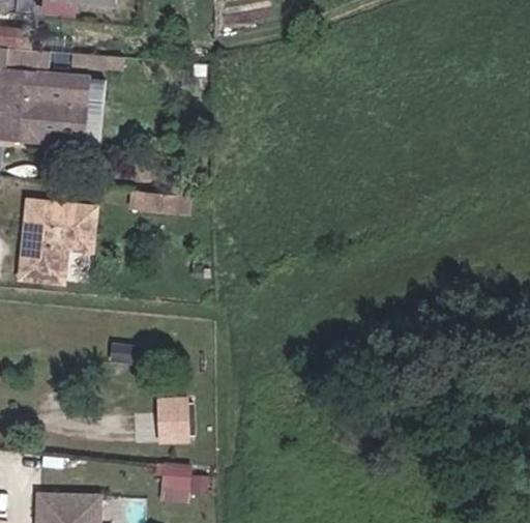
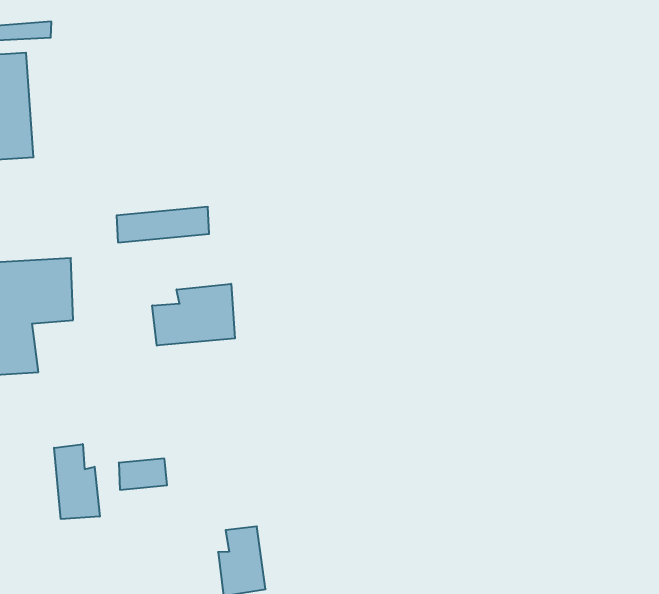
building: none -> [152,284,235,346]
building: none -> [54,444,100,519]

